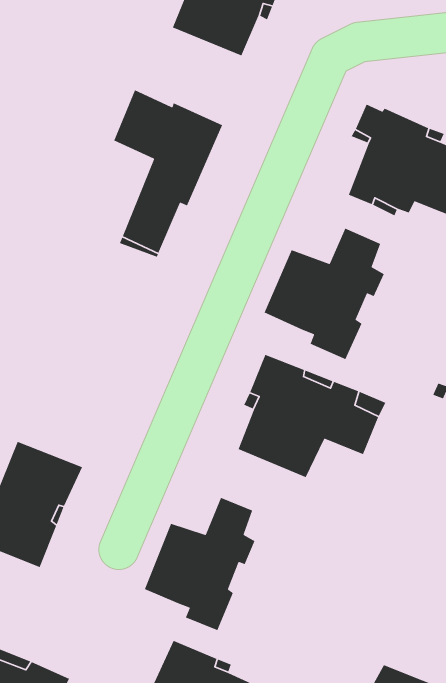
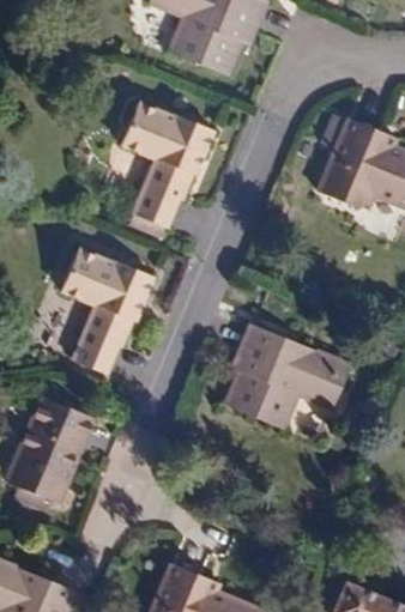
building: [264,227,385,360] -> none
building: none -> [60,249,153,372]
building: [144,497,256,631] -> none

